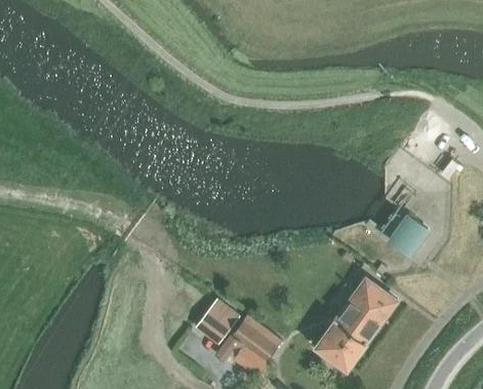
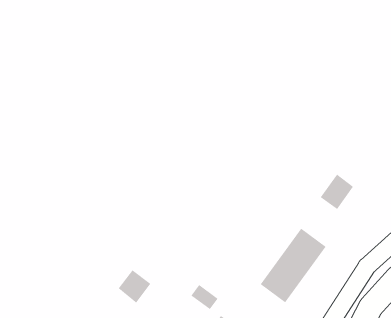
building: [195,305,235,346] -> [118,269,151,304]
building: [232,315,281,361] -> none

